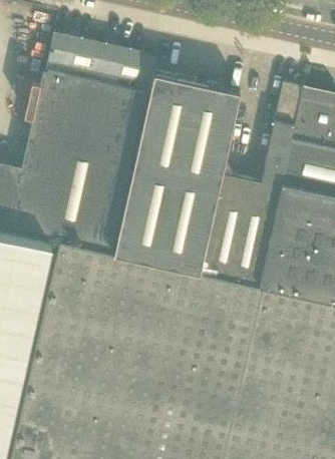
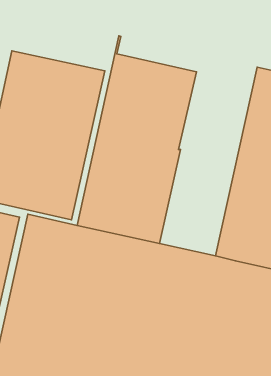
building: [46,34,155,88] -> none
building: [199,85,302,289] -> none

